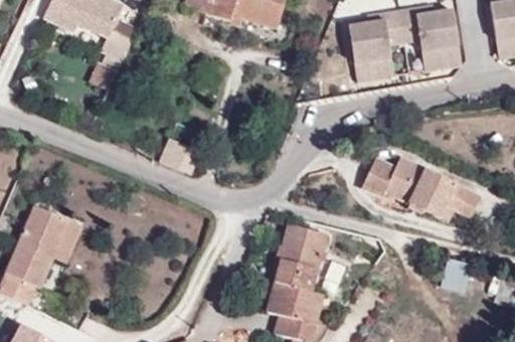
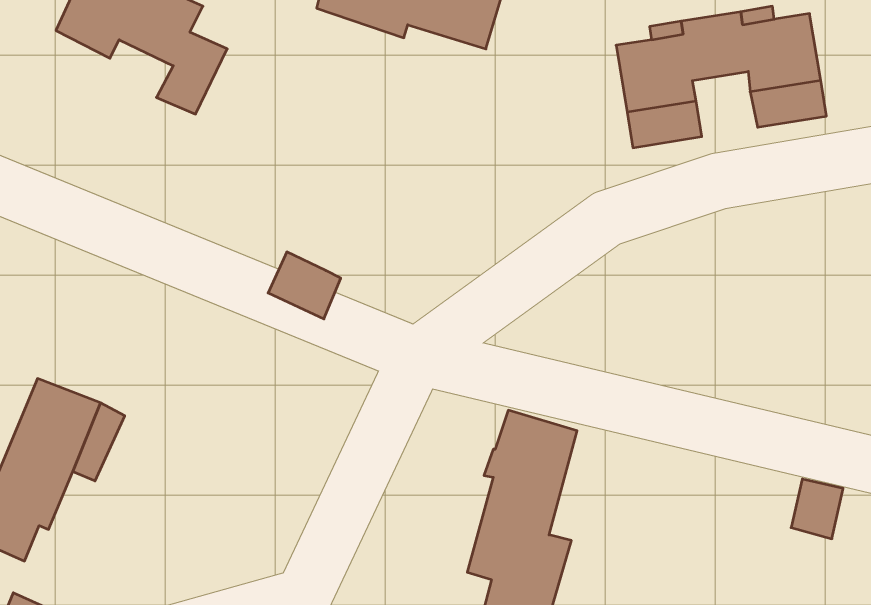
building: [362,159,480,219] -> none

